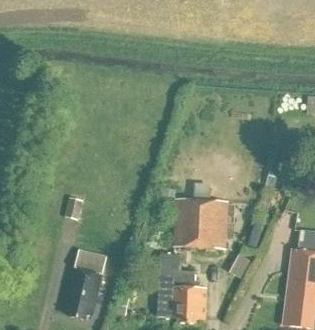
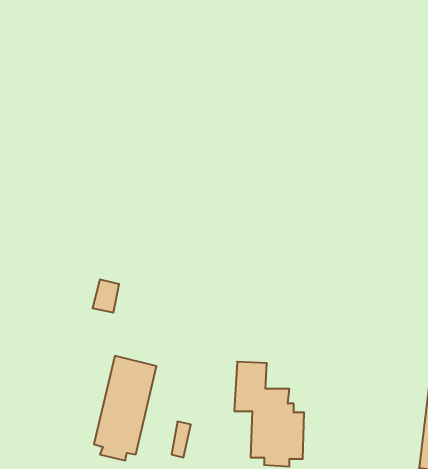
building: [173,198,228,249] -> none

